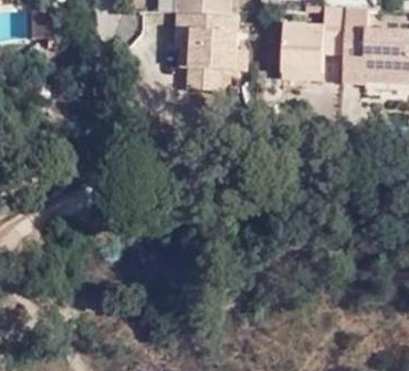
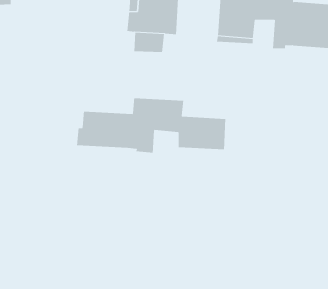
building: none -> [76,98,226,153]

